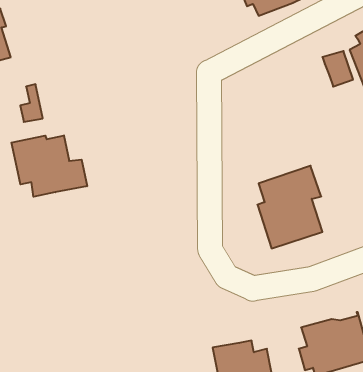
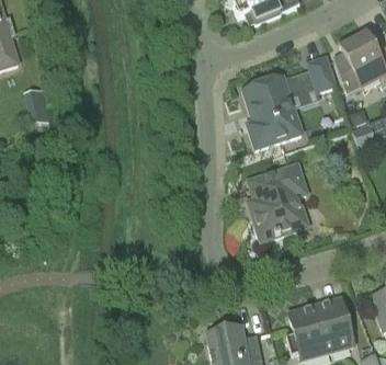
building: none -> [243,70,309,147]
building: [11,135,87,197] -> none

